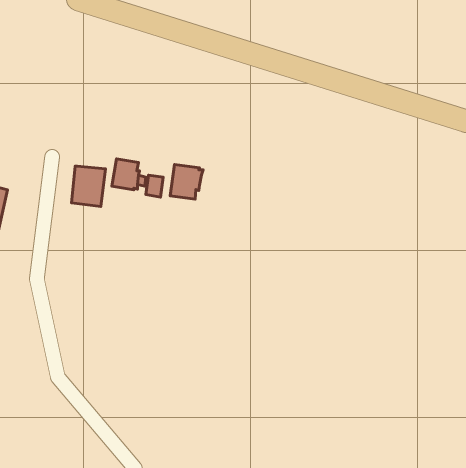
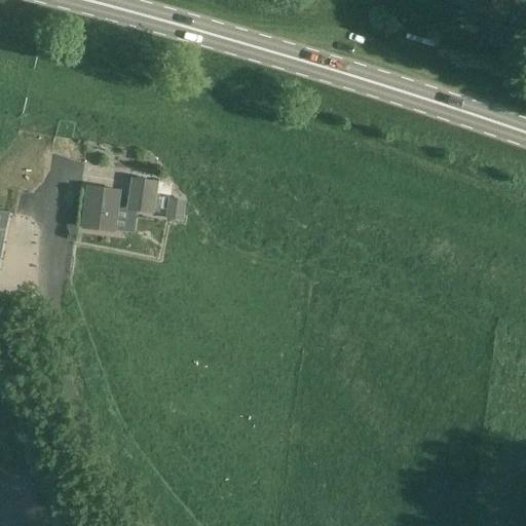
building: [170,164,203,199] -> none

